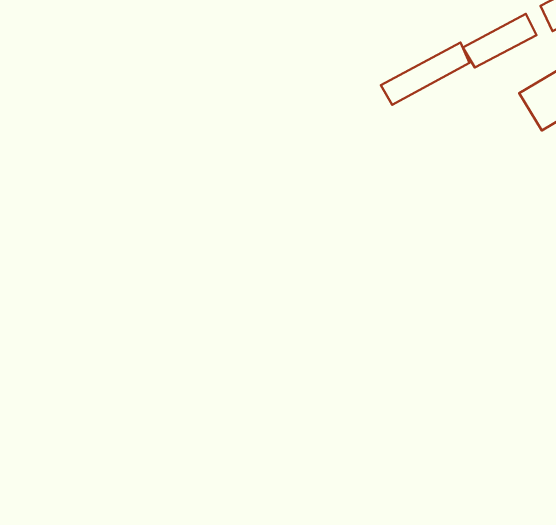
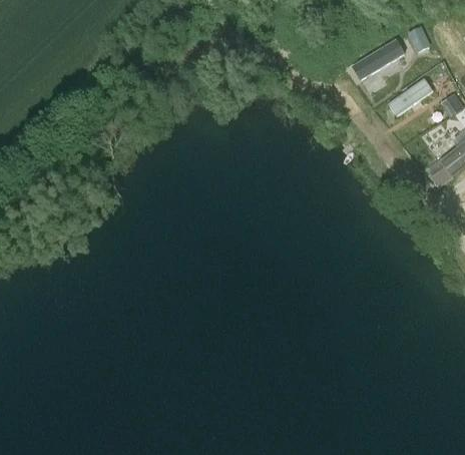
building: [381,43,470,105] -> none

